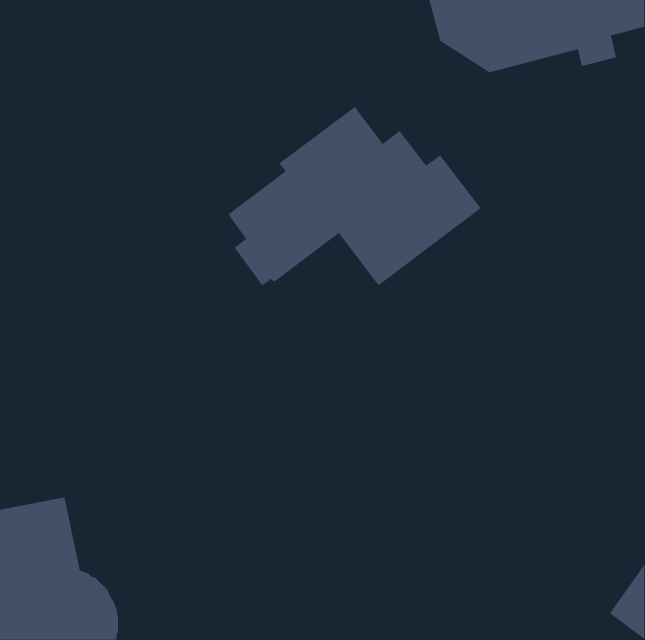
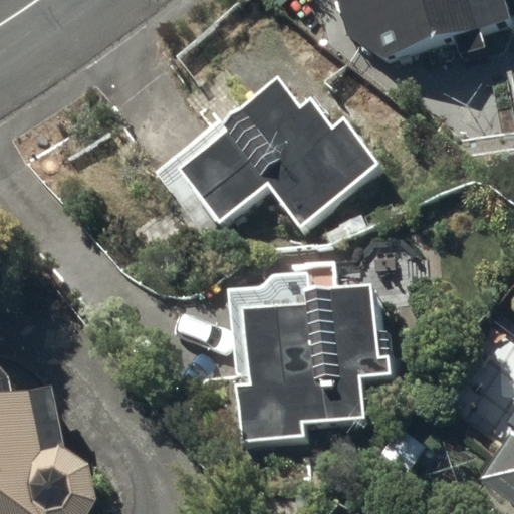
building: none -> [234,289,393,441]

